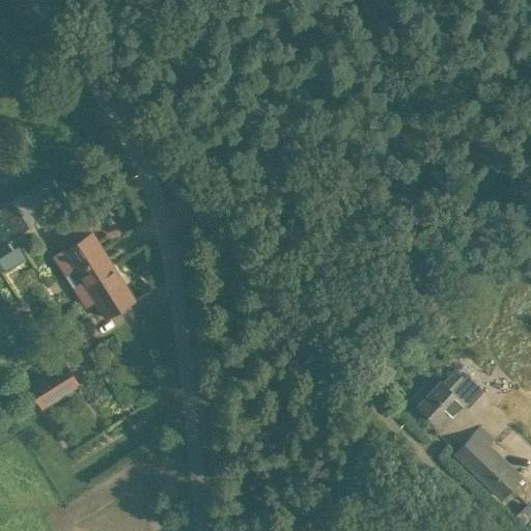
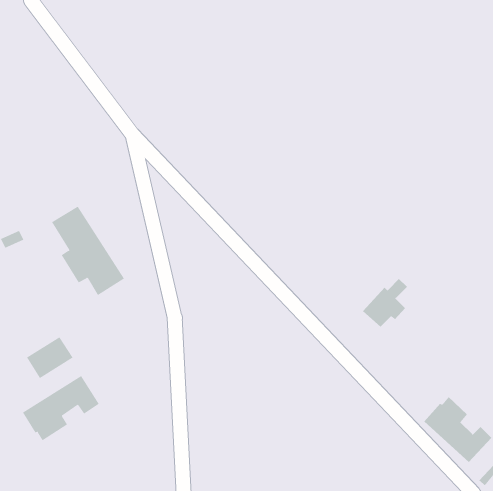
building: [419,372,468,425] -> [362,278,408,327]
building: none -> [22,375,100,441]

